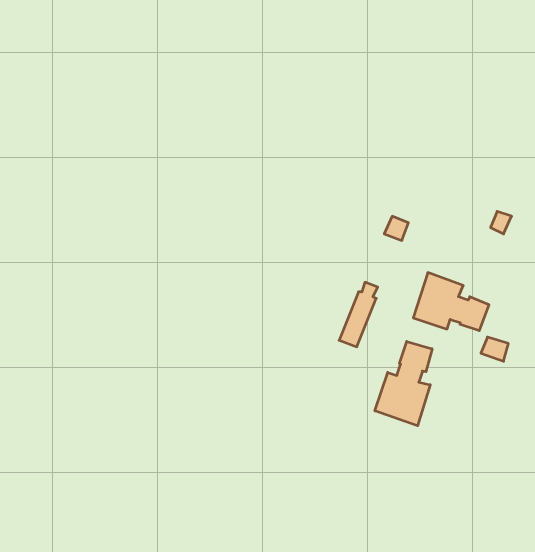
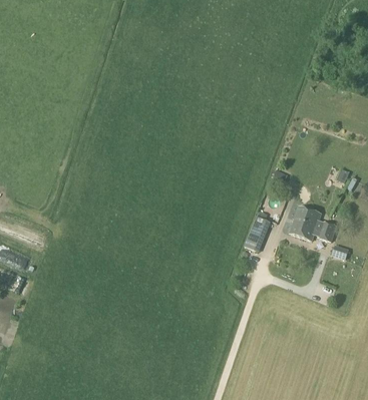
building: [375,341,432,426] -> none

